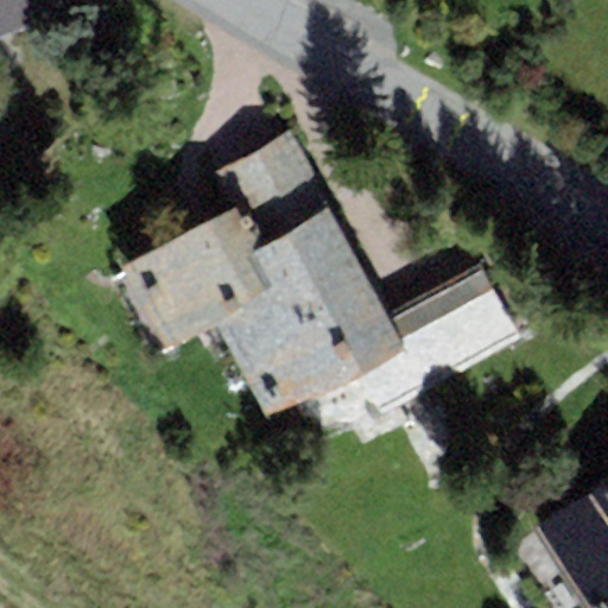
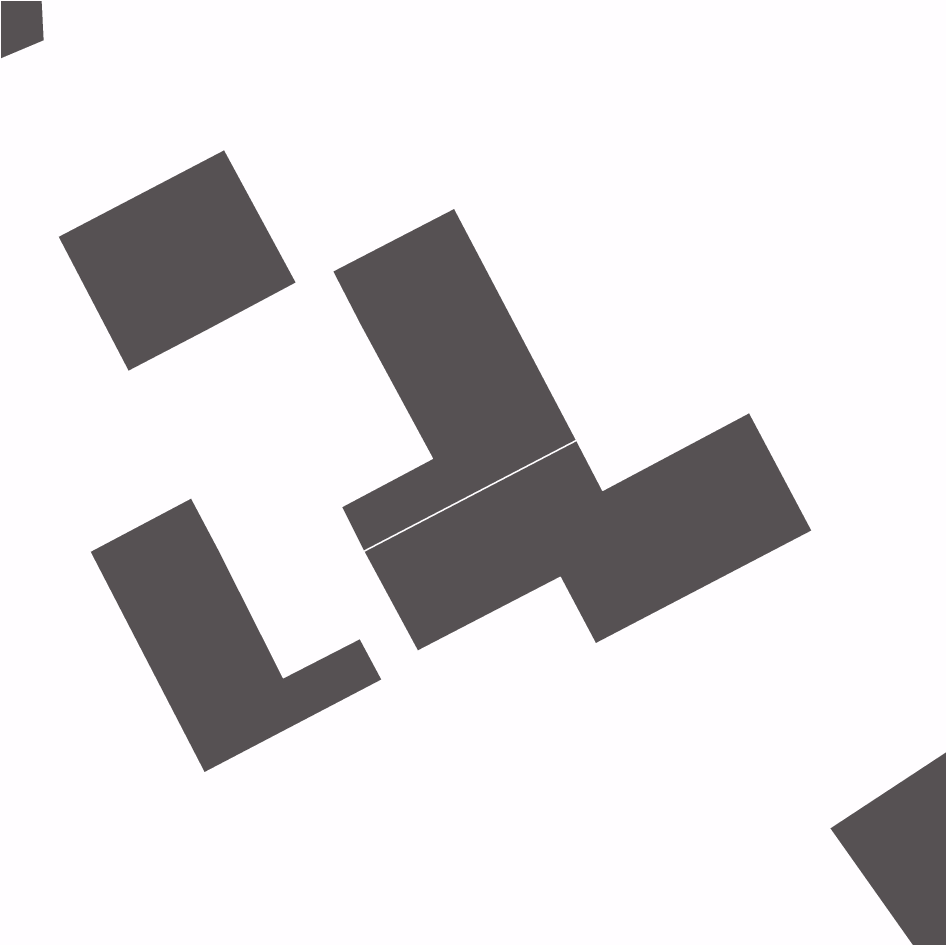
building: [125,210,278,353] -> [58,149,297,372]
building: none -> [90,497,383,773]

